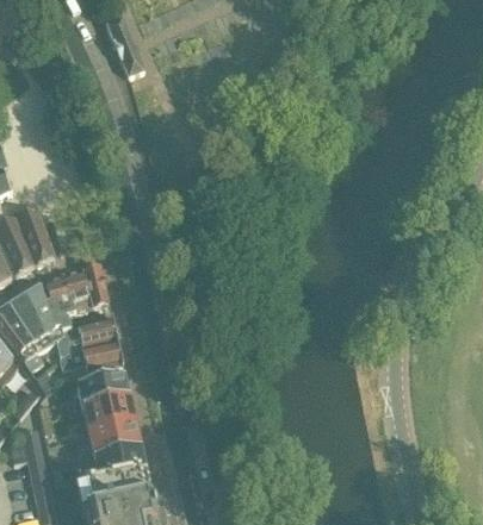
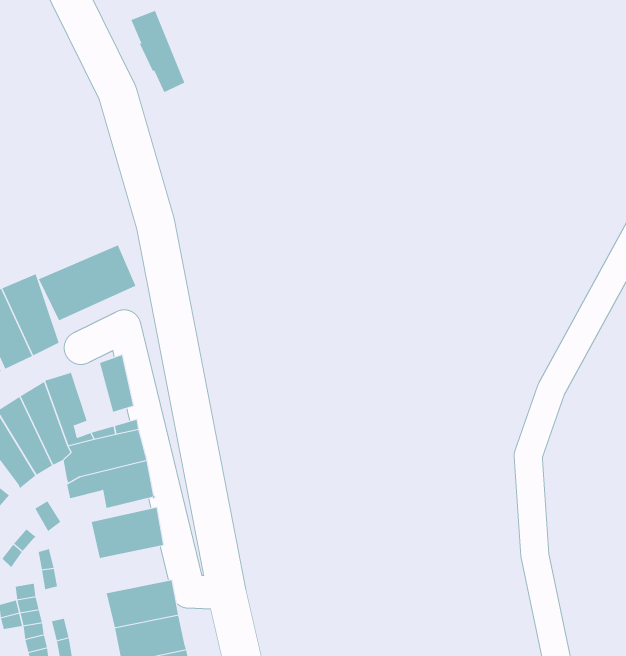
building: none -> [38,244,136,321]
building: [61,270,91,312] -> none
building: [81,401,134,436] -> none

